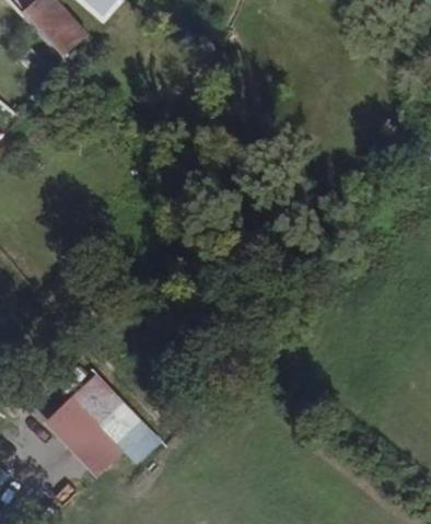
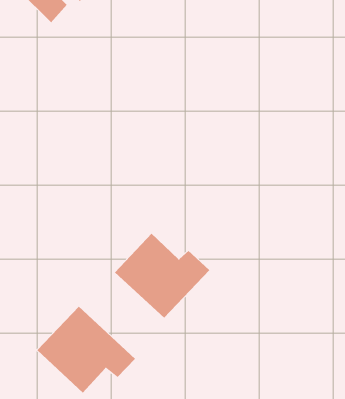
building: none -> [114,233,210,319]

